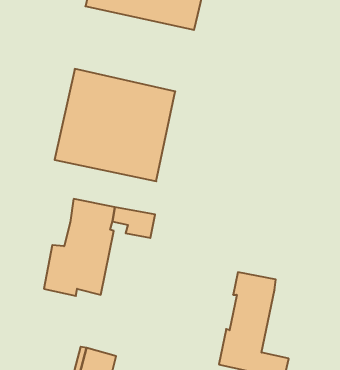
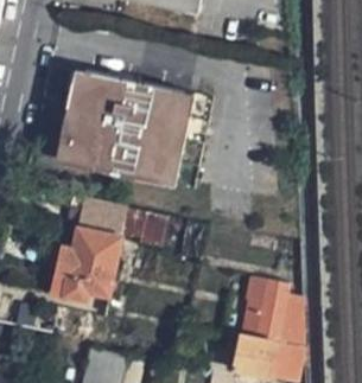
building: none -> [272,292,299,360]

